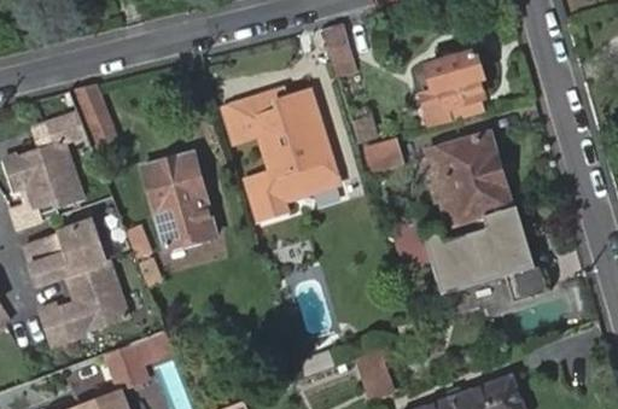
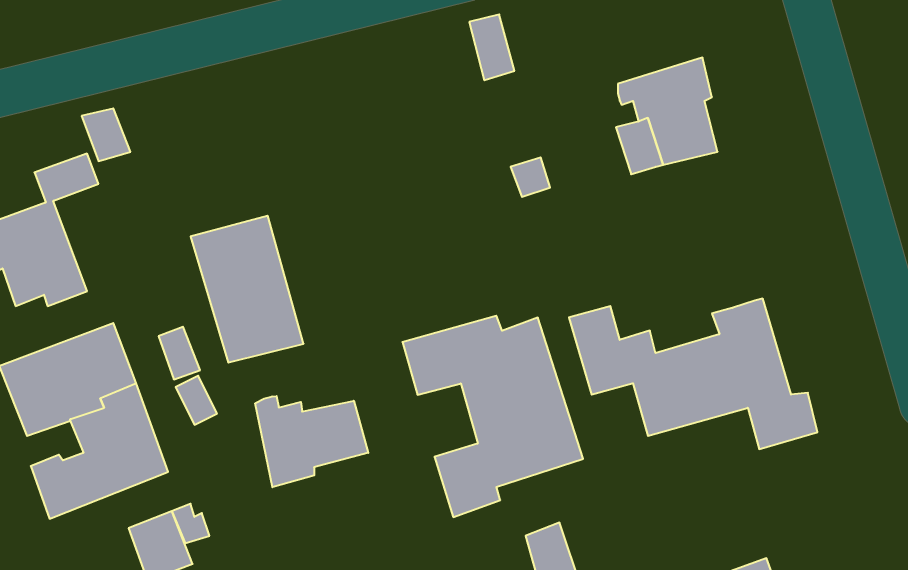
building: [222,88,338,217] -> [402,316,583,517]
building: [427,133,508,223] -> none
building: [365,139,403,174] -> none
building: none -> [255,396,368,487]

